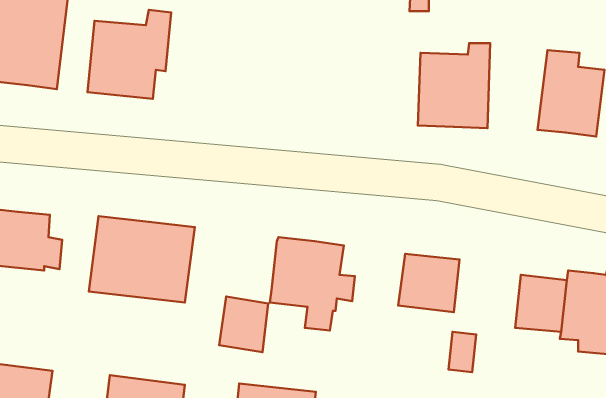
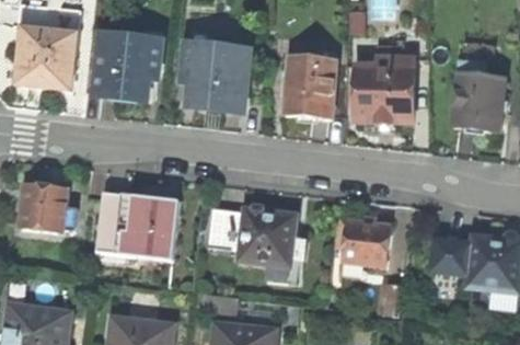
building: none -> [185,34,247,111]
building: none -> [286,47,338,117]
building: [219,296,268,352] -> [206,206,244,250]

